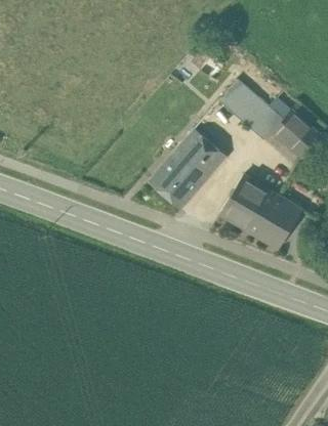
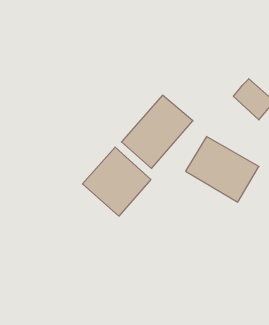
building: [218,79,282,140] -> none
building: none -> [82,147,151,216]

